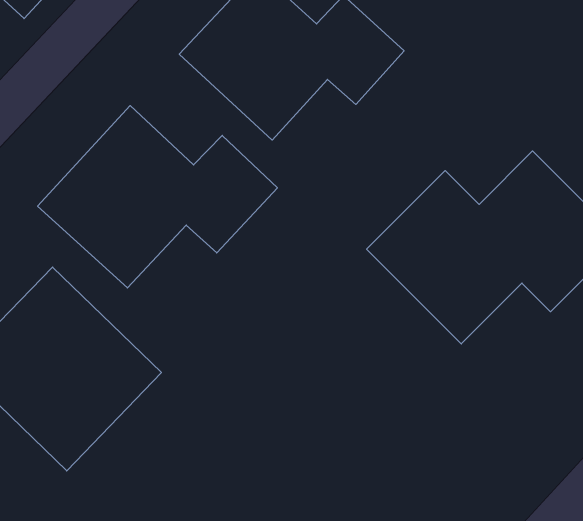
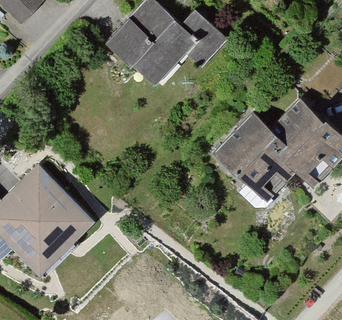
building: [38,106,277,288] -> none

